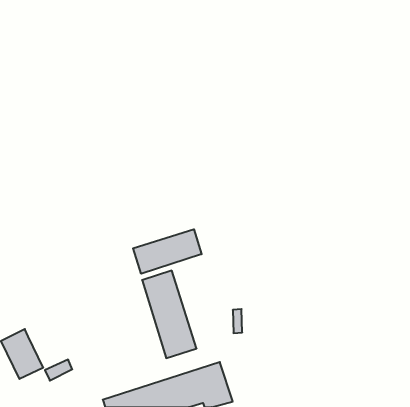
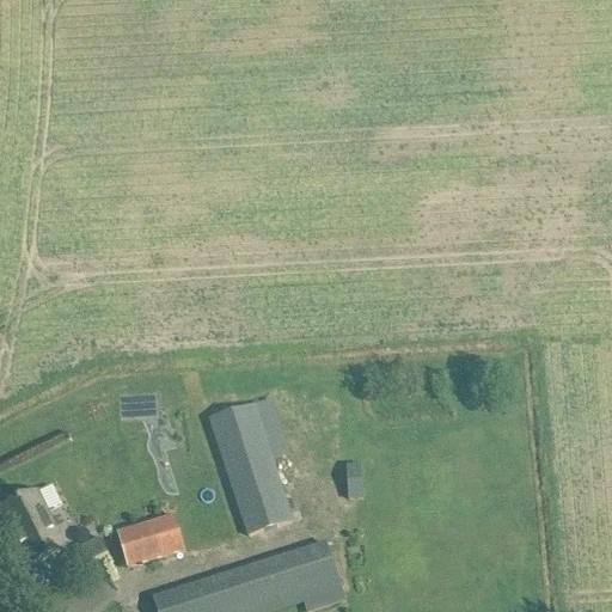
building: [133,229,202,274] -> none
building: none -> [118,515,185,564]

